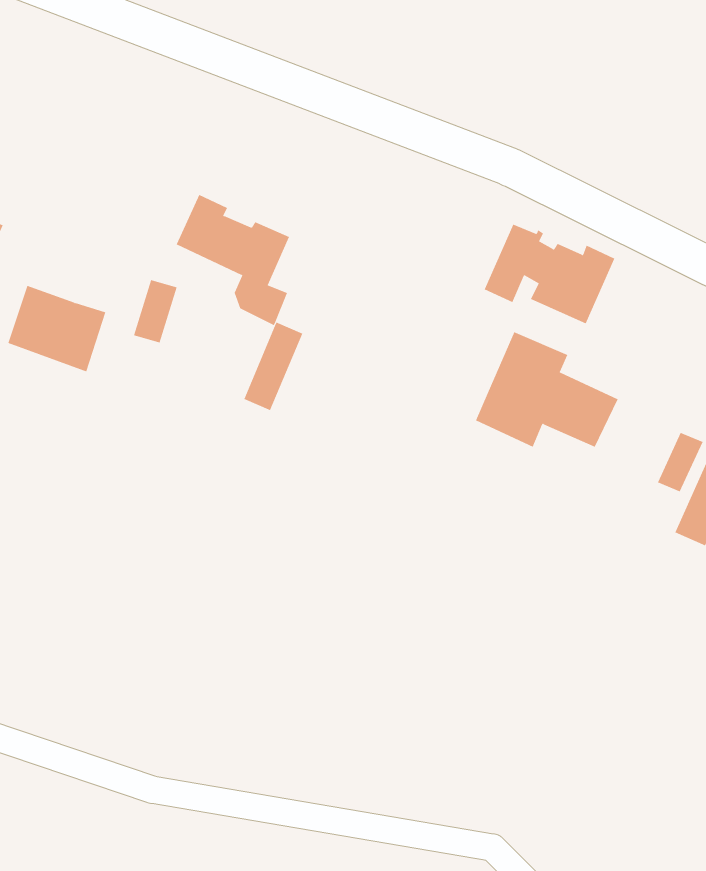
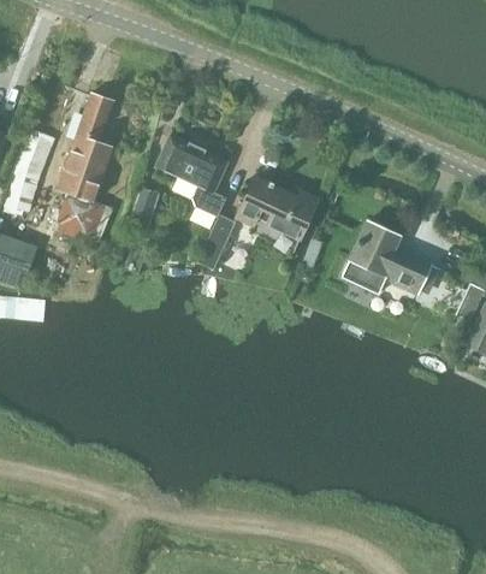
building: none -> [57,93,113,203]
building: [484,224,615,324] -> [236,177,318,239]

